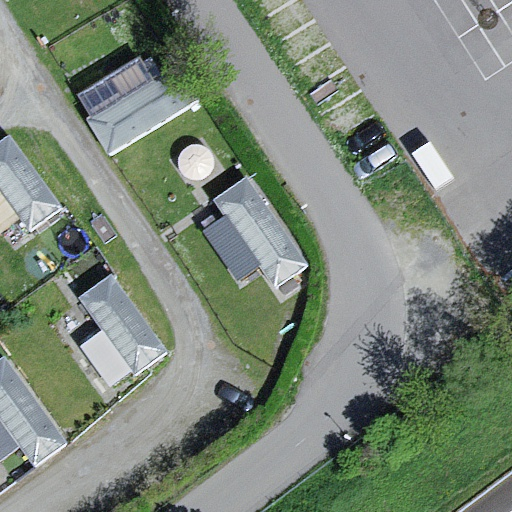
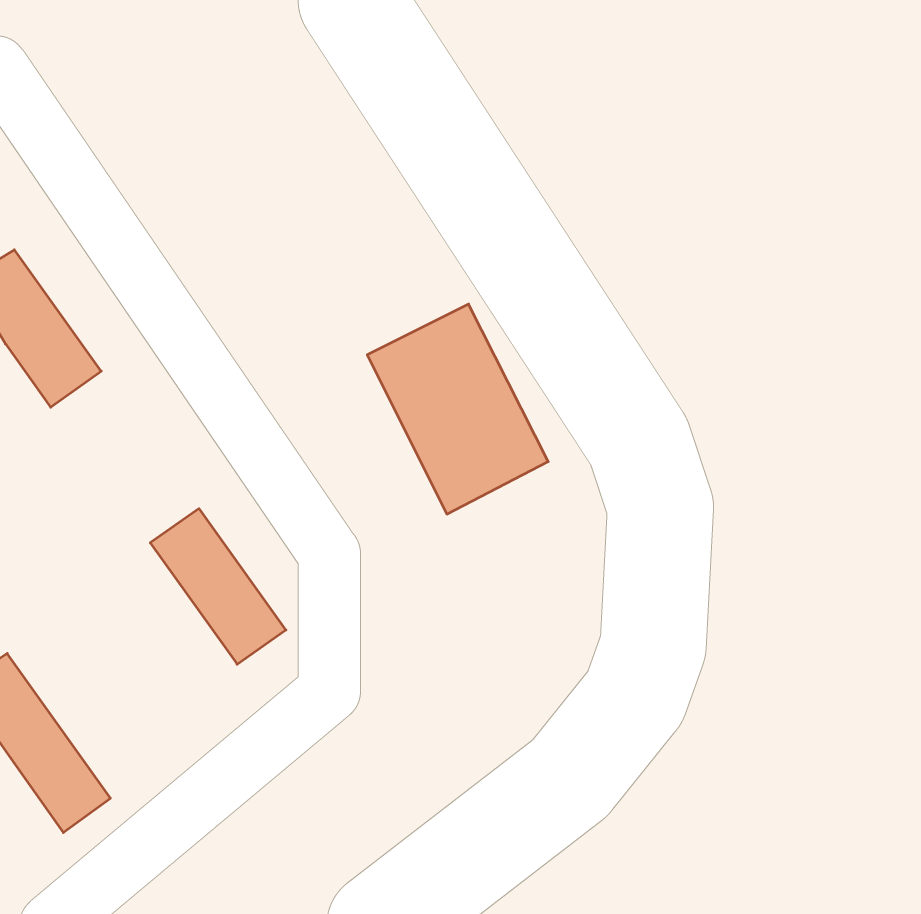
building: [80,56,179,149] -> none

